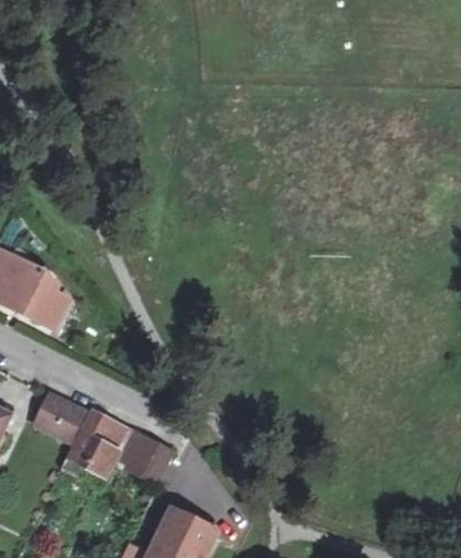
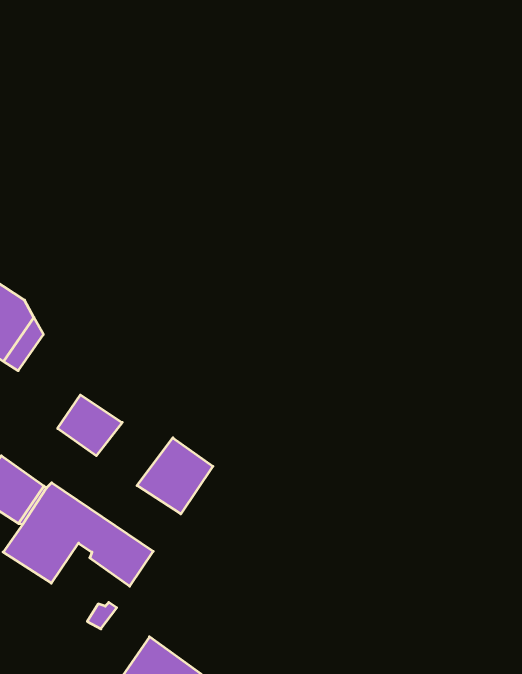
building: none -> [58,395,122,456]
building: none -> [137,438,213,514]

